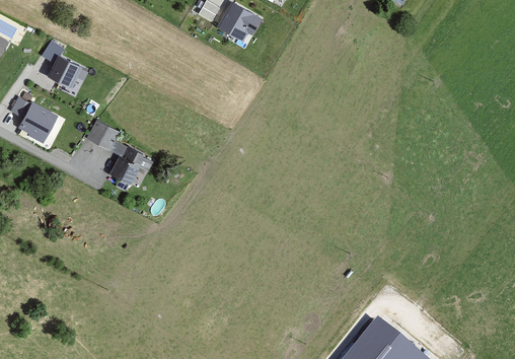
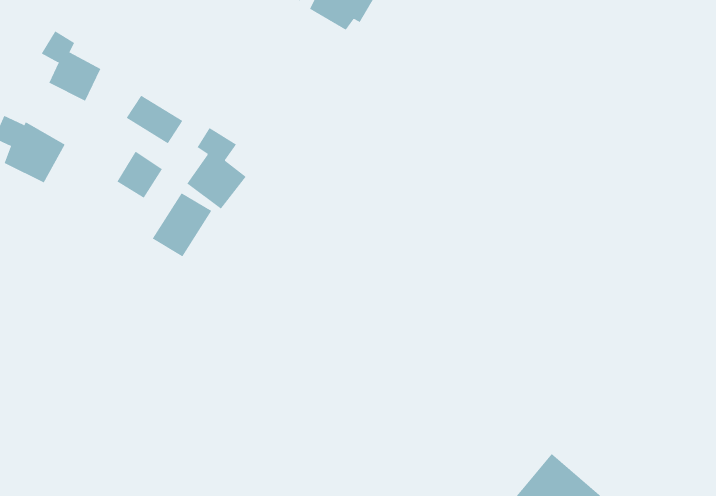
building: none -> [126,95,183,144]
building: none -> [187,127,246,210]

